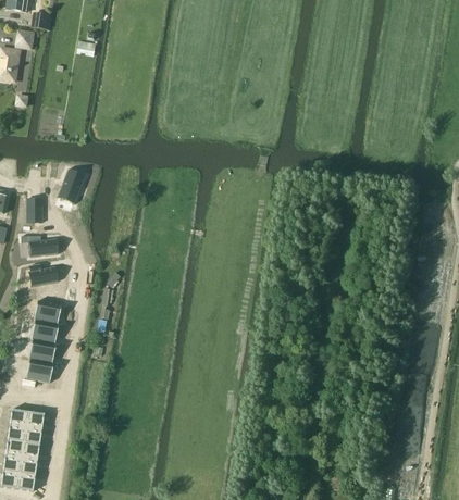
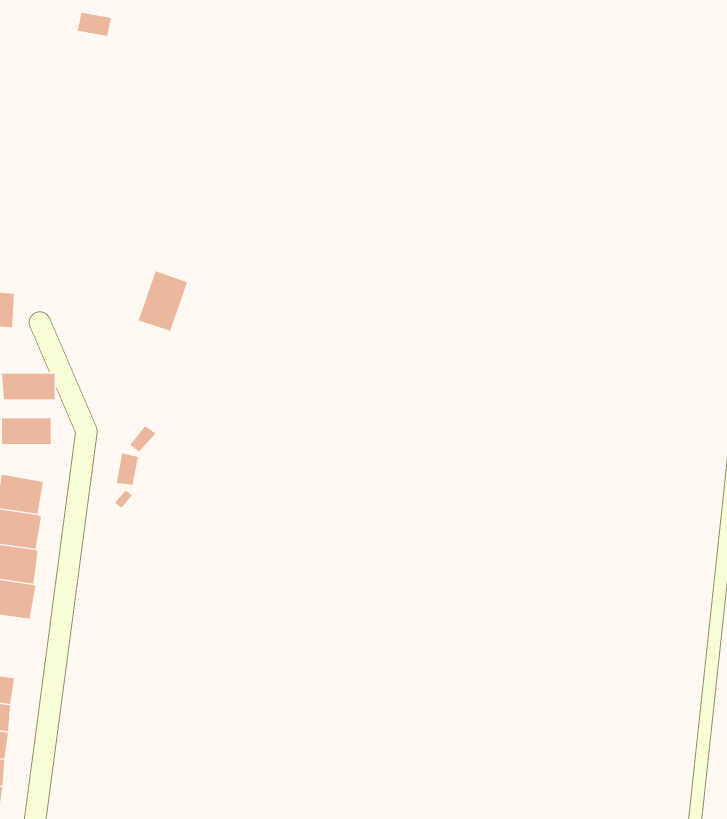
building: [58,168,86,203] -> [138,270,188,332]

